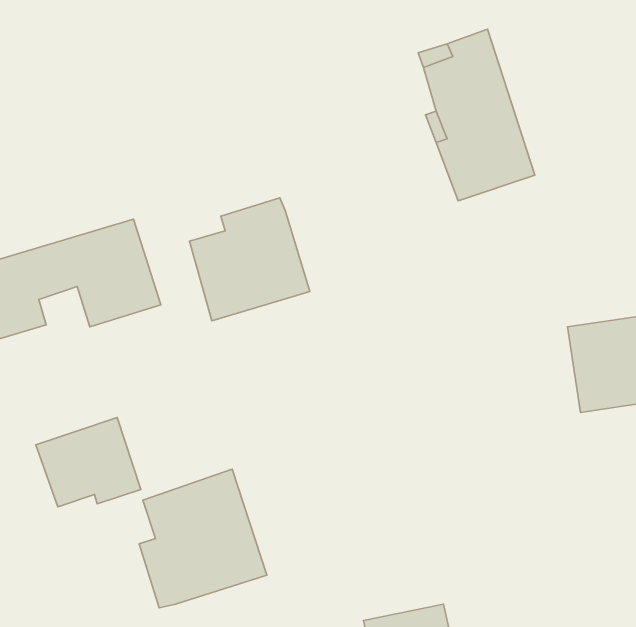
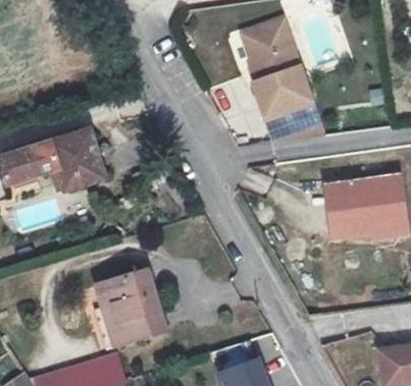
building: [189,198,310,321] -> none
building: [36,418,141,507] -> none

